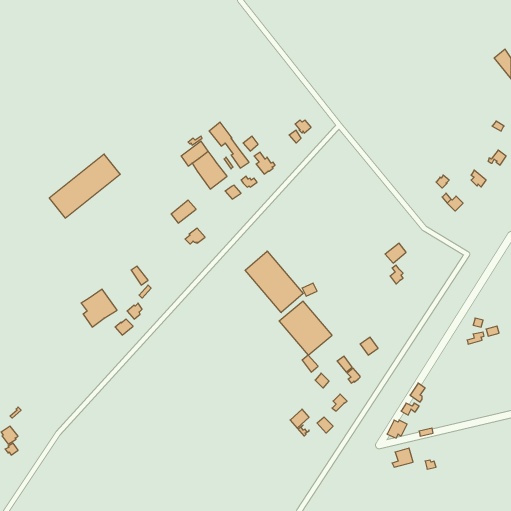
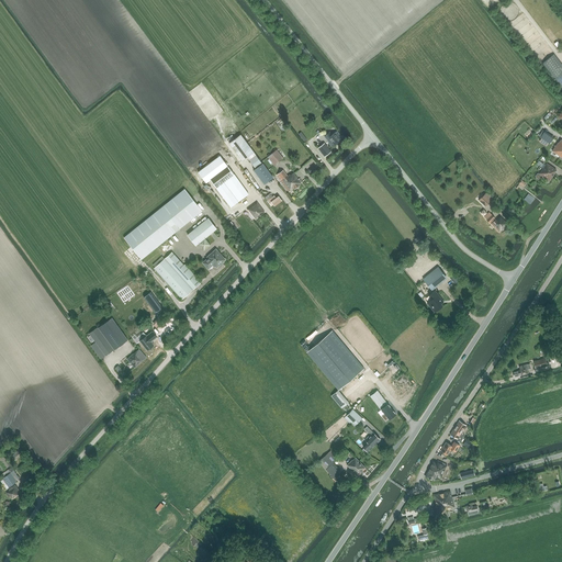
building: [49,154,120,218] -> [124,189,202,259]
building: none -> [153,251,201,300]
building: [245,251,303,313] -> none

